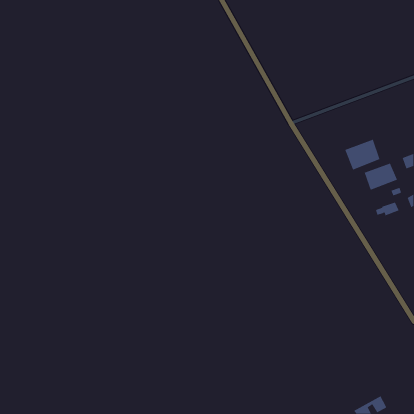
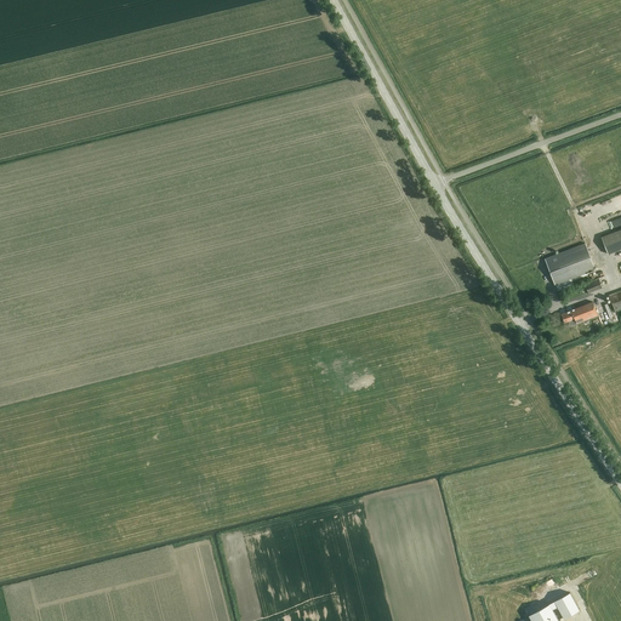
building: [345,139,380,171] -> none

